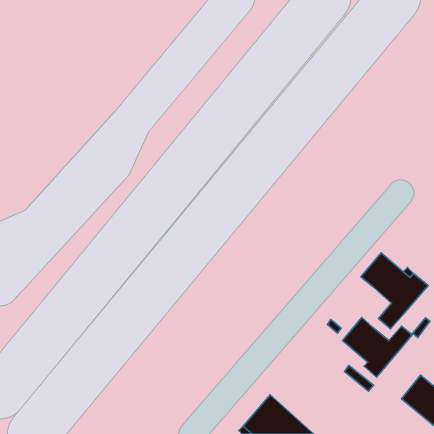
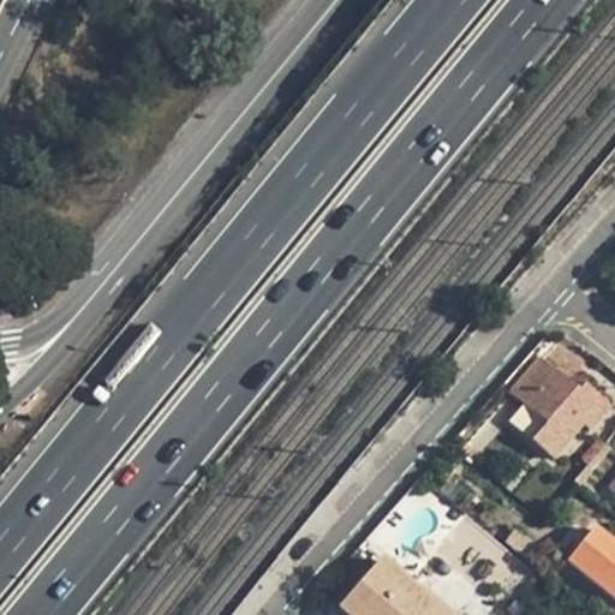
building: [342,317,412,377] -> none

